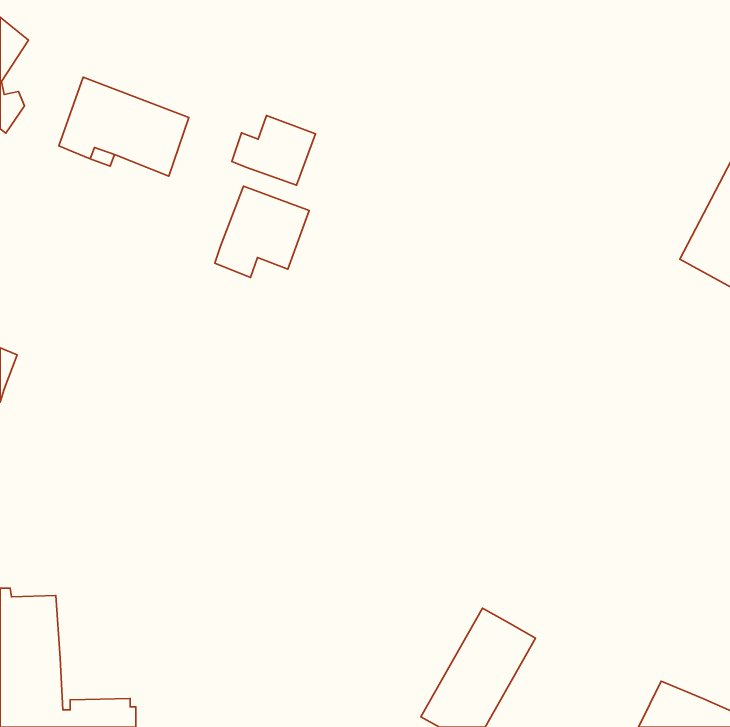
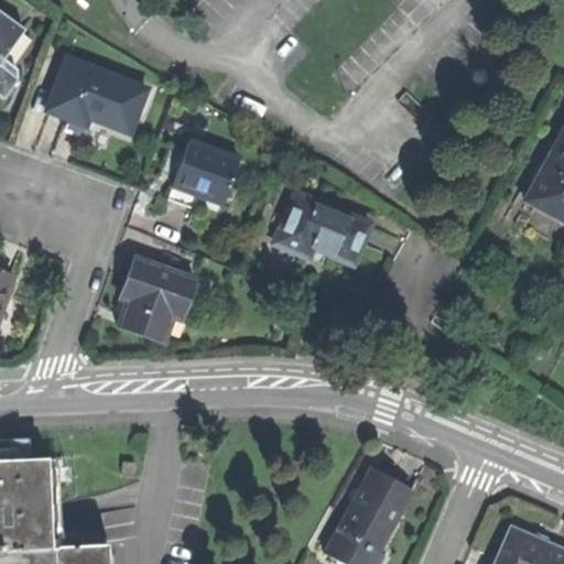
building: [232,116,315,185] -> none
building: none -> [272,196,369,264]
building: none -> [118,257,195,340]

